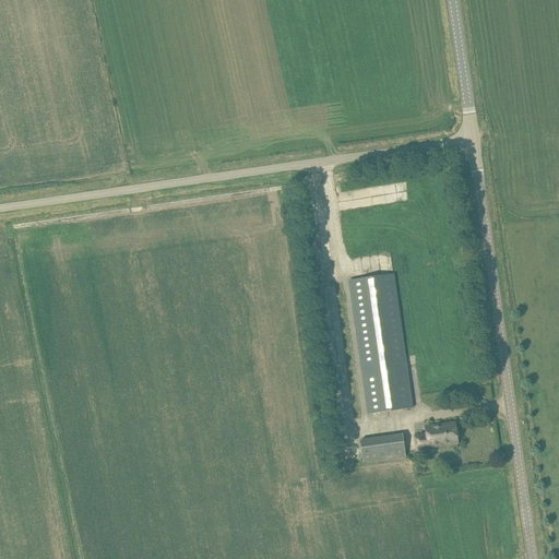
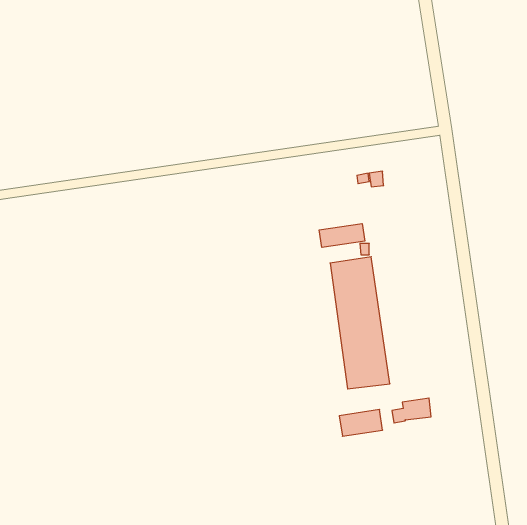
building: none -> [319,224,365,247]

